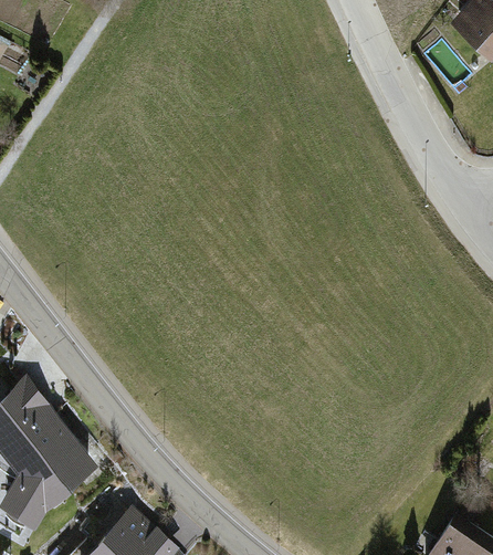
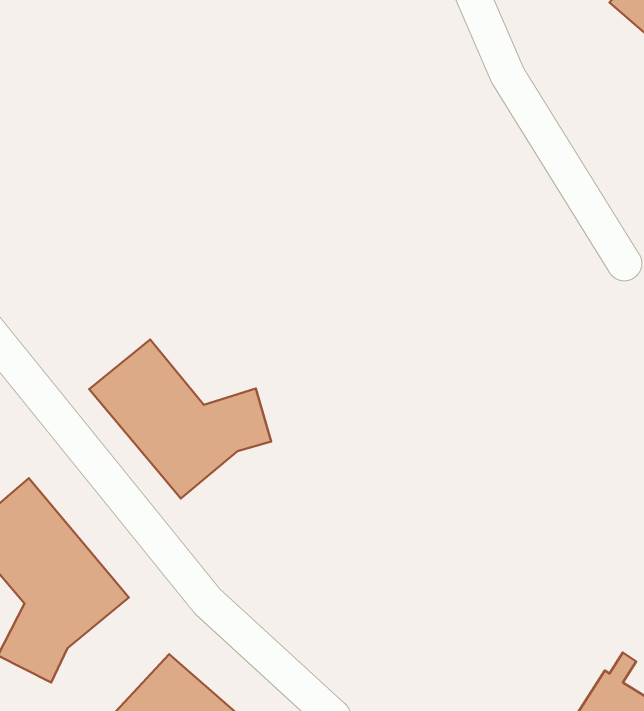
building: none -> [89,340,271,499]

